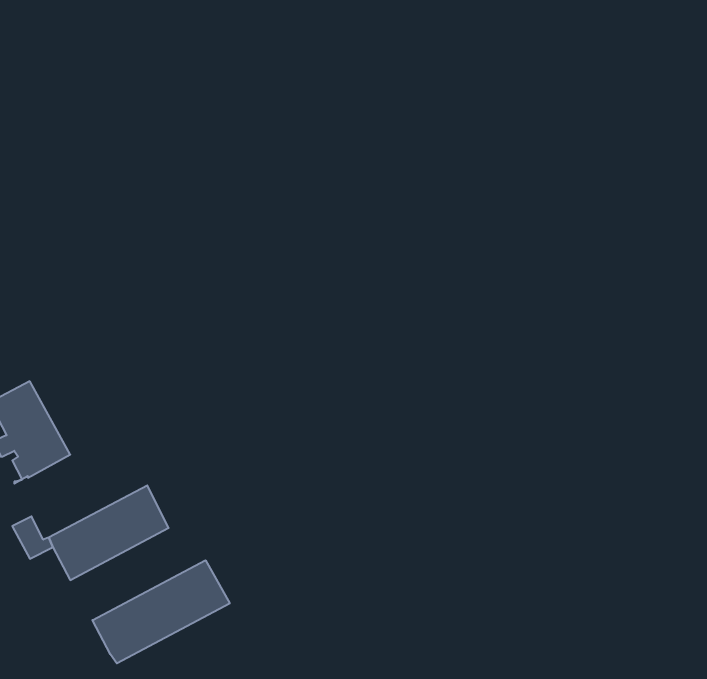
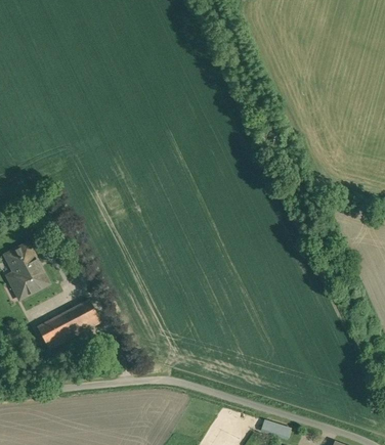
building: [92,560,230,663] -> none

